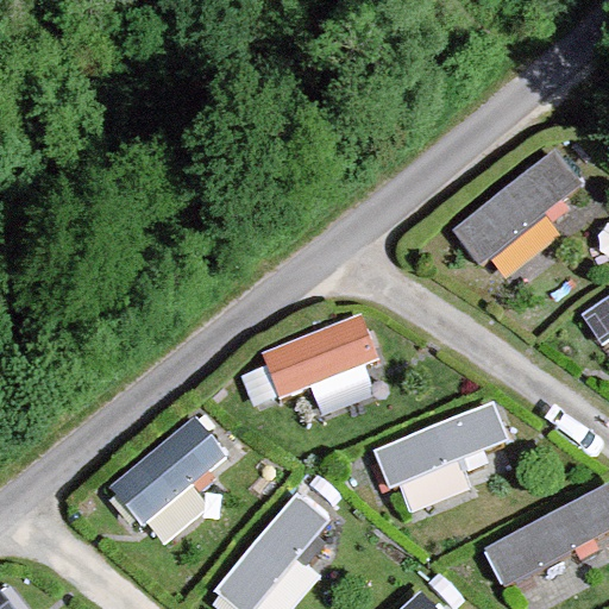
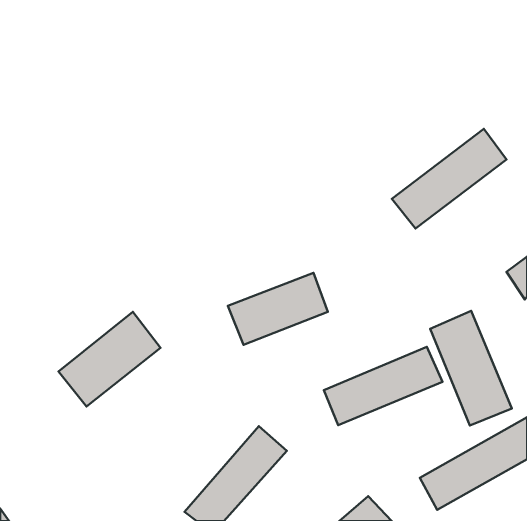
building: none -> [430,311,512,425]
building: [109,416,227,526] -> [59,312,161,407]

